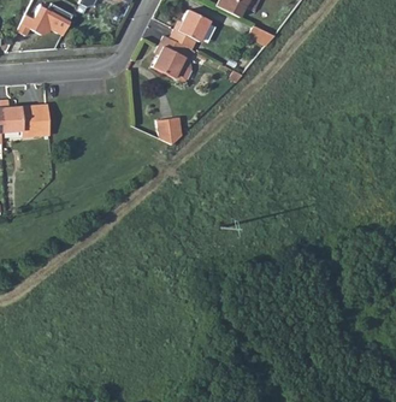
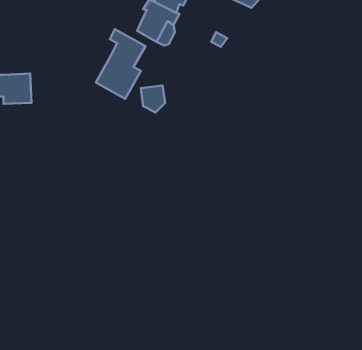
building: none -> [96,29,145,99]

